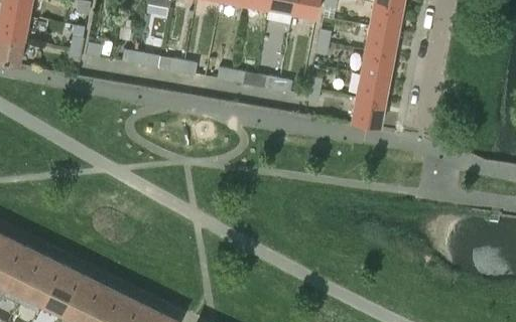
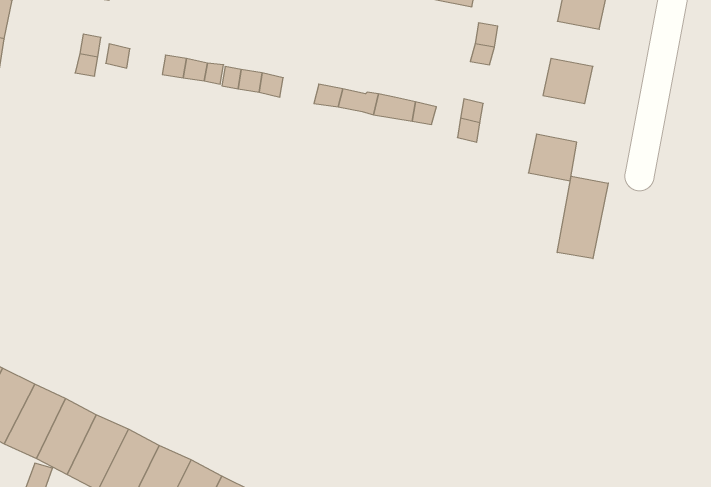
building: [354,29,396,57] -> none
building: [357,75,387,105] -> none
building: none -> [557,176,608,259]

